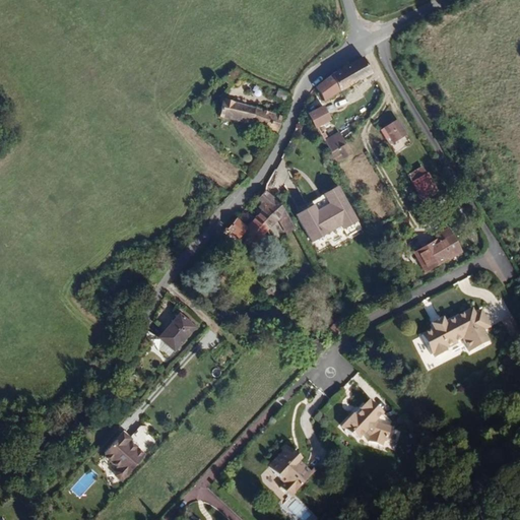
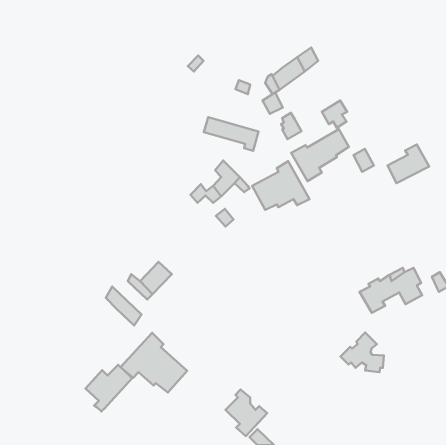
building: [219,96,282,135] -> [204,117,258,151]
building: none -> [291,129,349,181]
building: [414,224,462,269] -> [388,144,429,183]
building: none -> [106,286,142,326]
building: none -> [121,333,187,392]
building: [340,401,390,447] -> [341,333,384,372]

